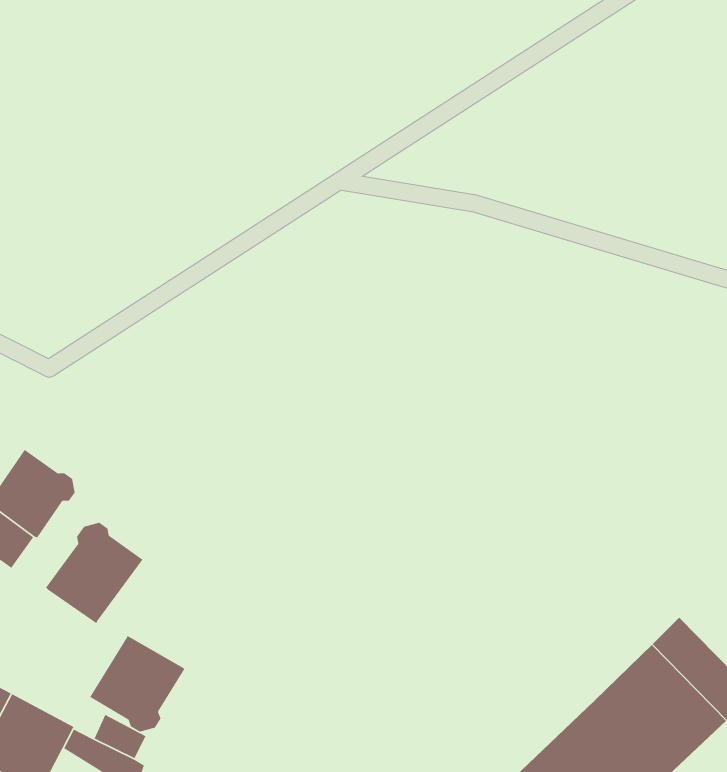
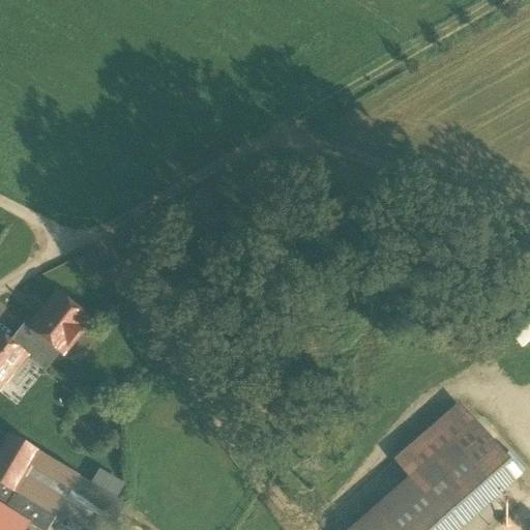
building: [45,522,144,624] -> none
building: none -> [394,406,469,476]
building: [89,635,185,732] -> none

